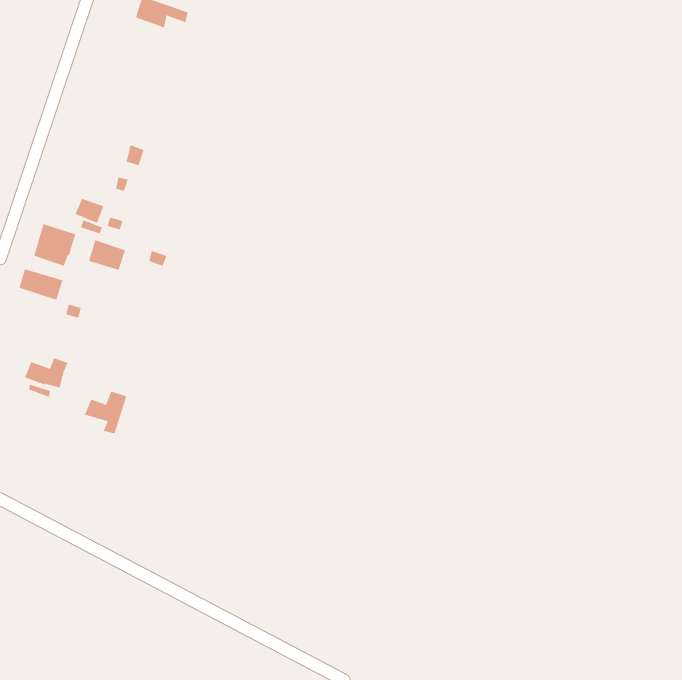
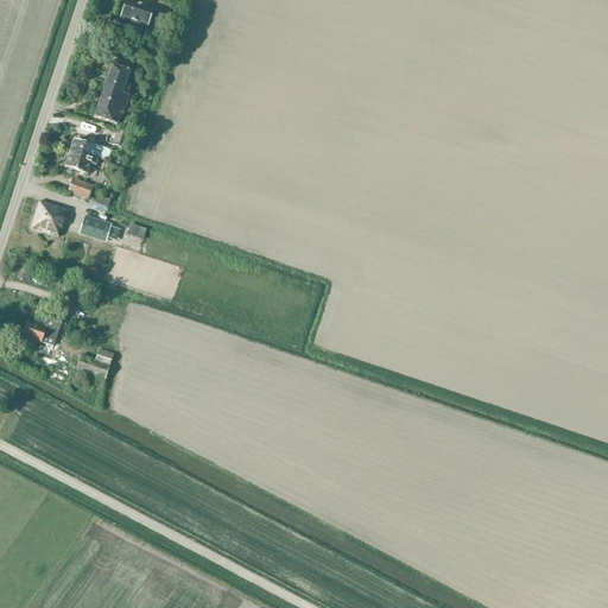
building: none -> [94,63,131,122]
building: none -> [65,139,102,172]
building: [19,269,63,300] -> none

